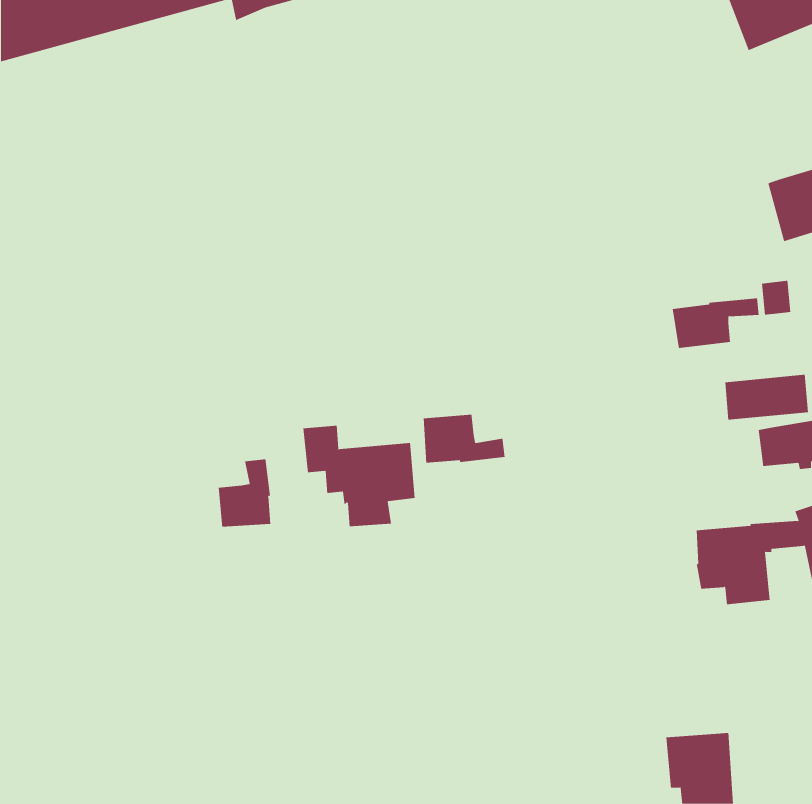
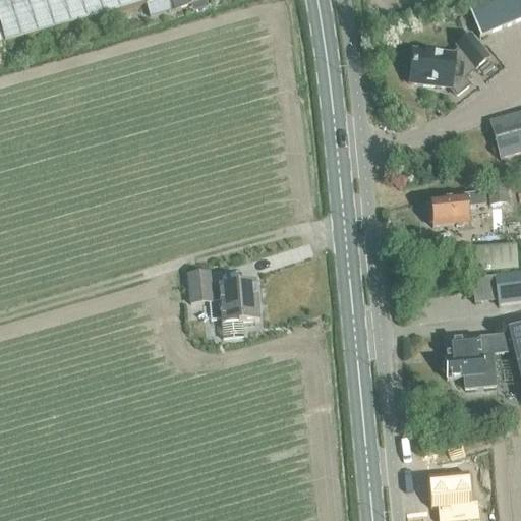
building: none -> [410,32,488,92]
building: [423,414,505,463] -> none
building: [218,459,271,527] -> none

